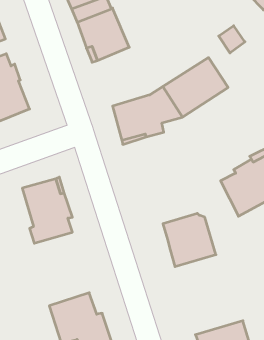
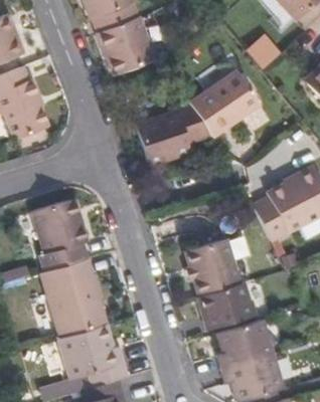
building: none -> [43,258,108,338]
building: none -> [200,282,260,329]
building: none -> [218,319,274,369]

